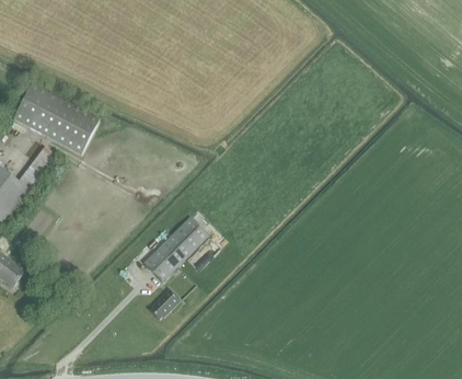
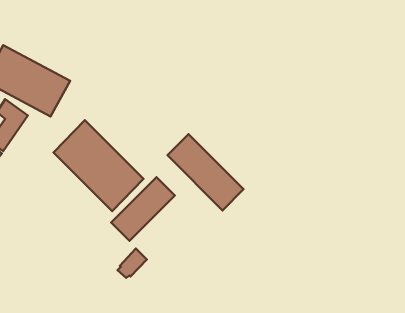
building: none -> [53,120,144,211]
building: none -> [167,134,244,210]

